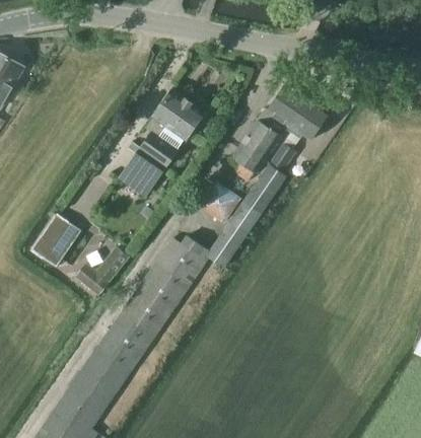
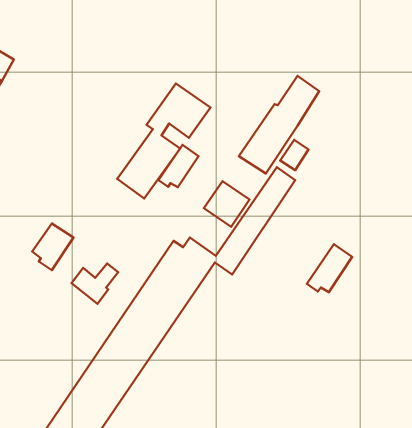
building: [286,96,330,140] -> none
building: none -> [159,145,198,187]
building: none -> [307,244,352,292]

